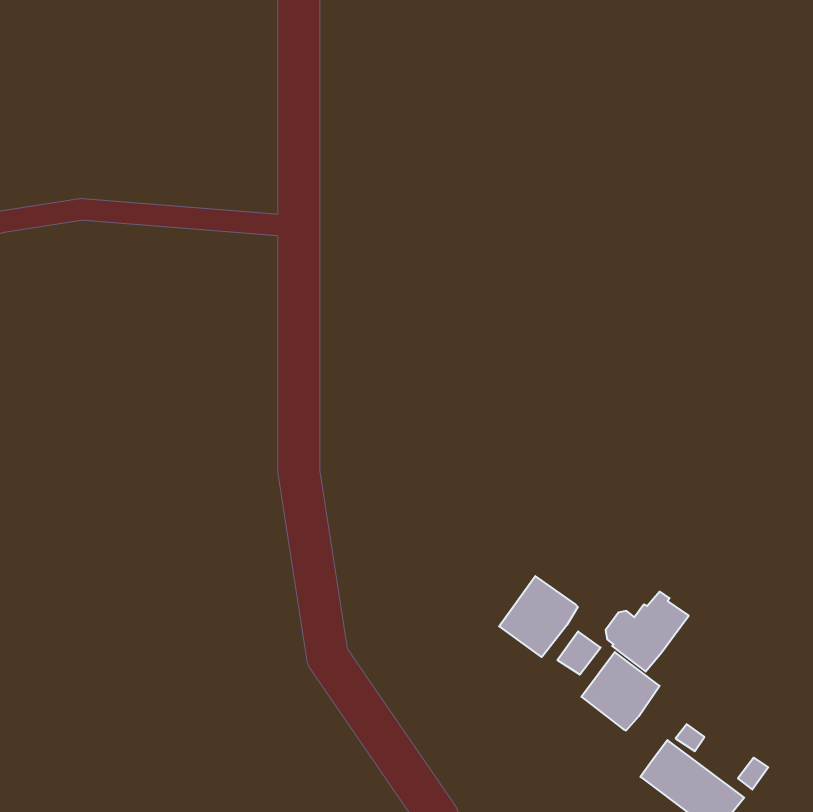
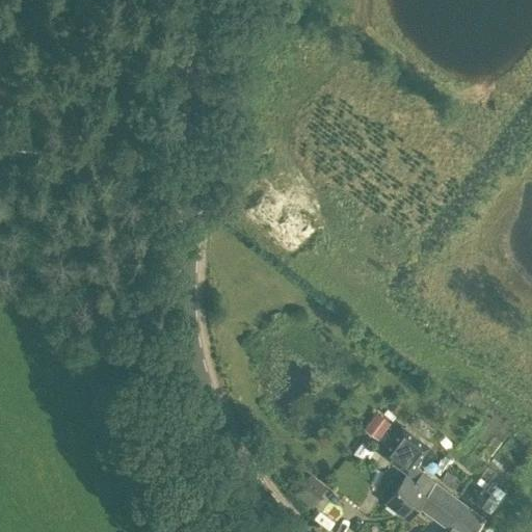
building: [499,576,578,657] -> none
building: [606,592,689,672] -> [382,469,436,521]

